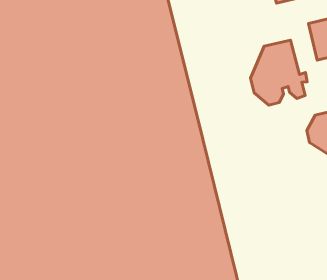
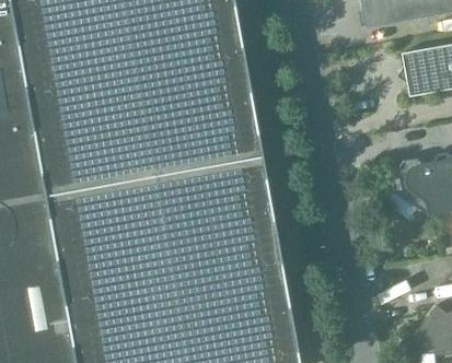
building: [250,40,307,105] -> none

